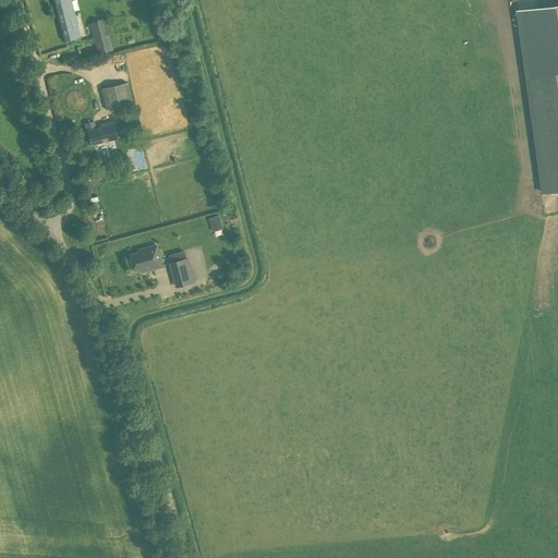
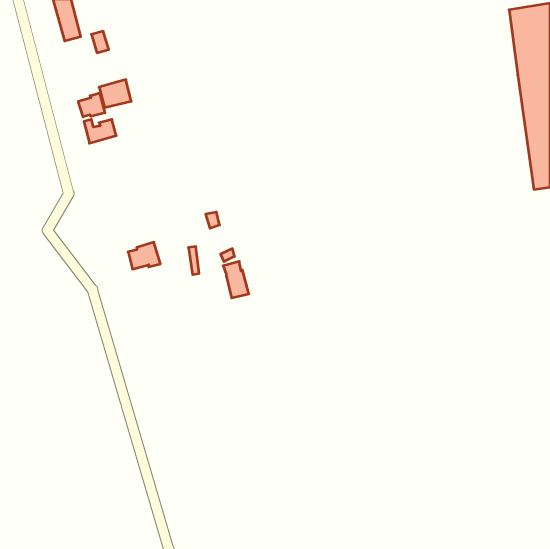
building: none -> [78,93,105,117]
building: [168,250,194,287] -> [223,261,249,298]

